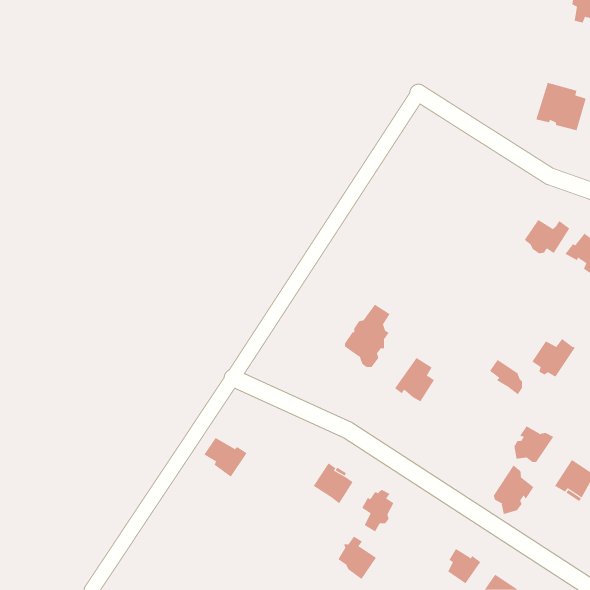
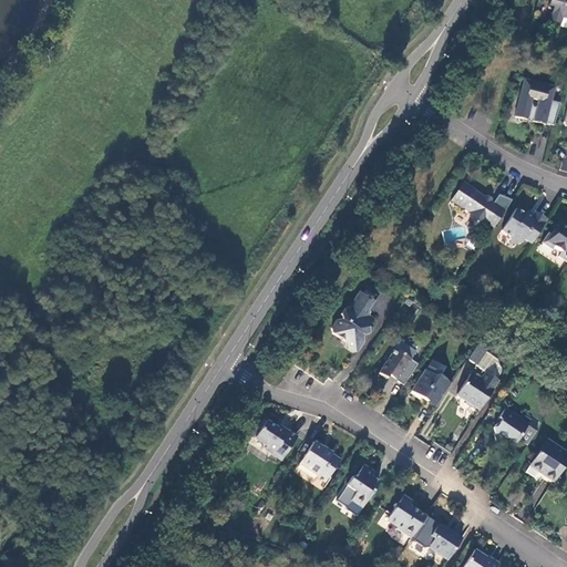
building: none -> [462,190,512,227]
building: [532,338,576,378] -> [458,370,501,408]
building: none -> [412,368,452,405]
building: [203,437,248,478] -> [256,421,298,460]
building: [493,465,534,515] -> none
building: [337,536,377,580] -> [389,495,426,537]

